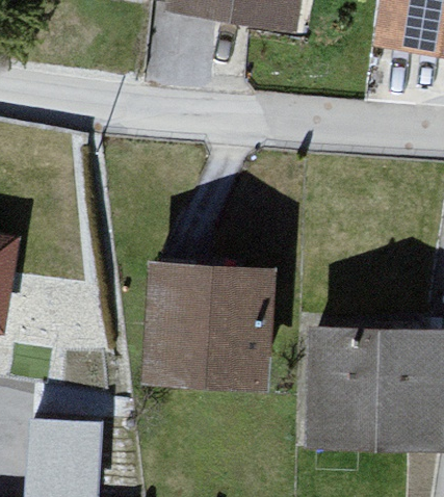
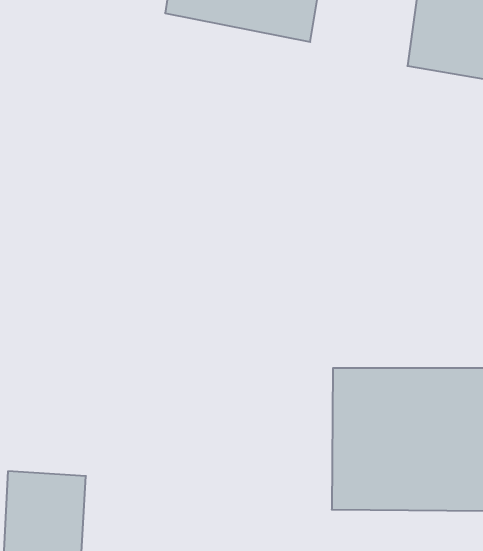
building: [145,268,277,391] -> none

